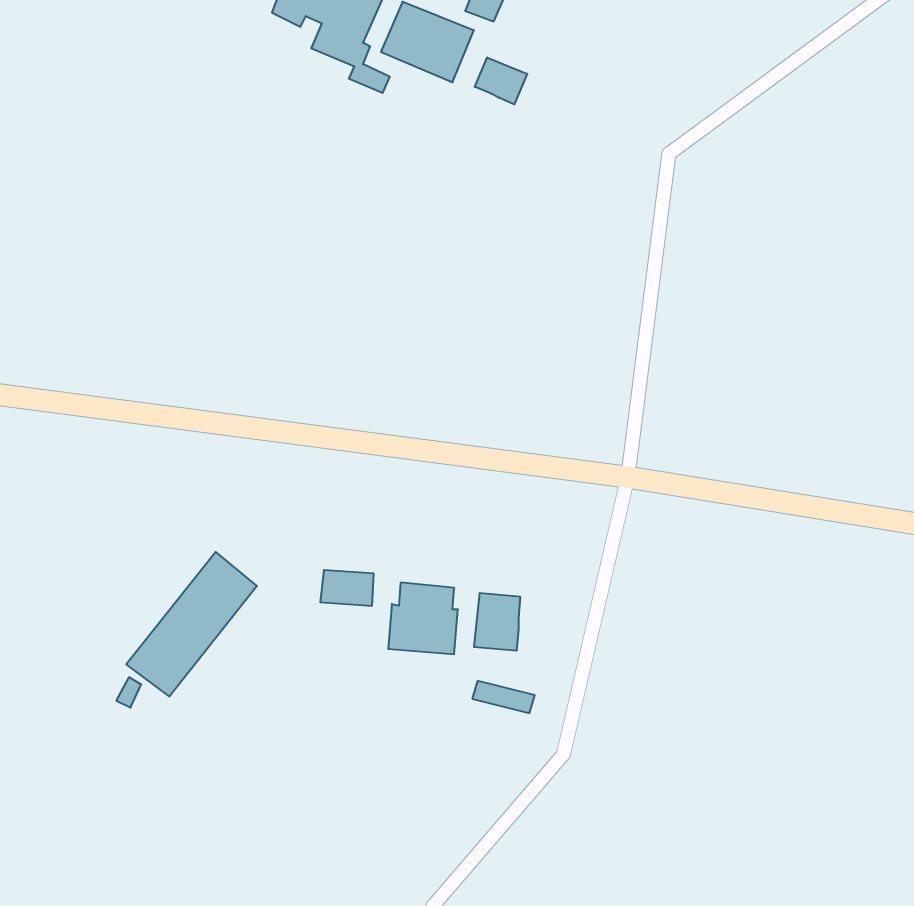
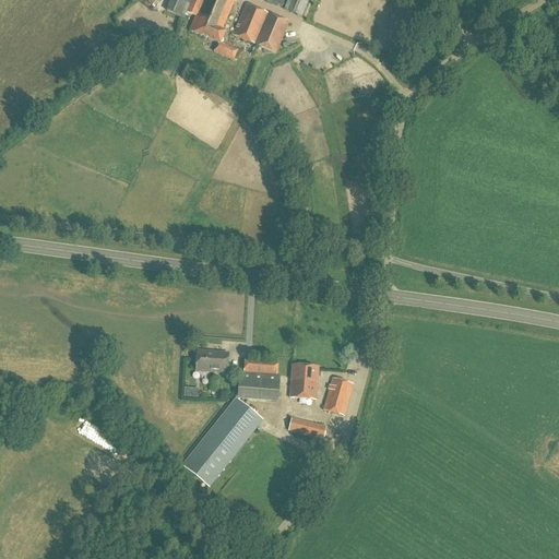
building: [475,57,527,104] -> none
building: [126,552,257,697] -> [182,395,262,484]
building: none -> [323,376,353,414]

